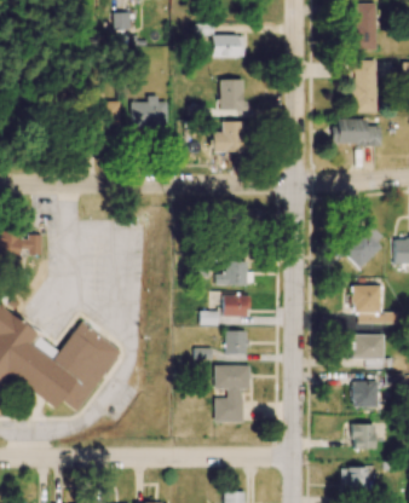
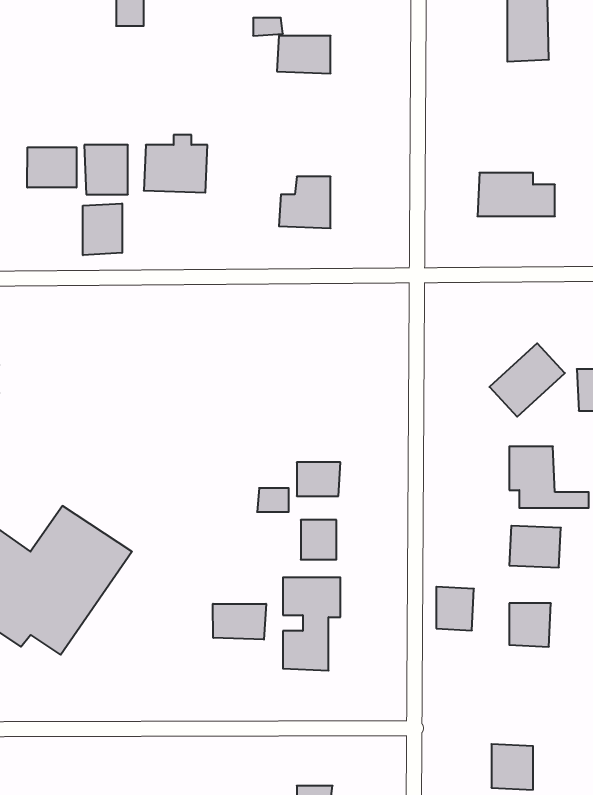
building: [352,59,378,112] -> none
building: [220,79,246,110] -> none
building: none -> [27,147,77,188]
building: none -> [83,203,122,255]
building: [215,261,253,284] -> none
building: none -> [213,604,266,640]
building: [353,423,376,450] -> [436,587,474,630]

